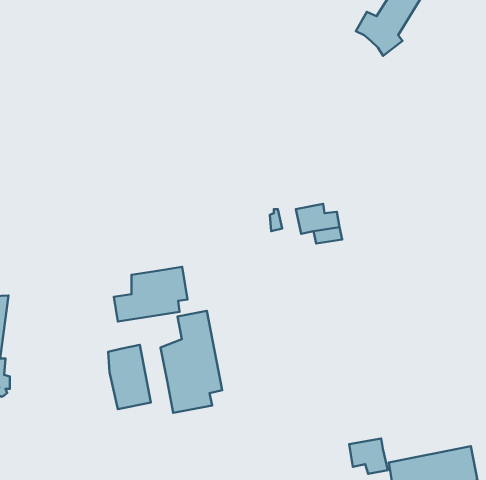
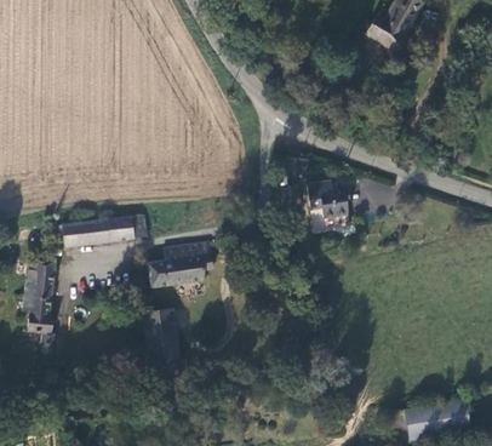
building: none -> [53,217,145,247]
building: [161,311,222,413] -> none
building: [349,439,388,474] -> none

